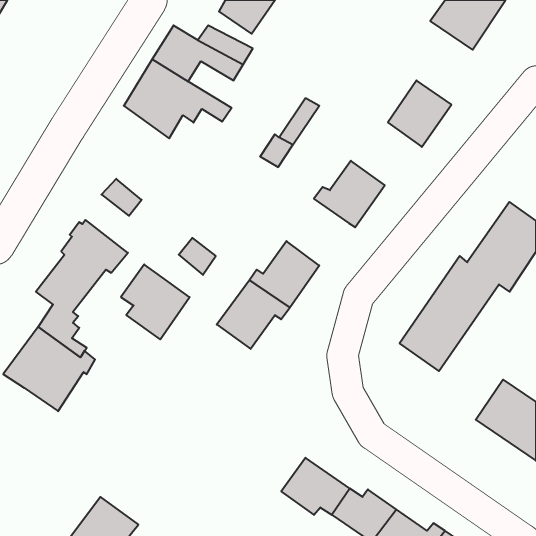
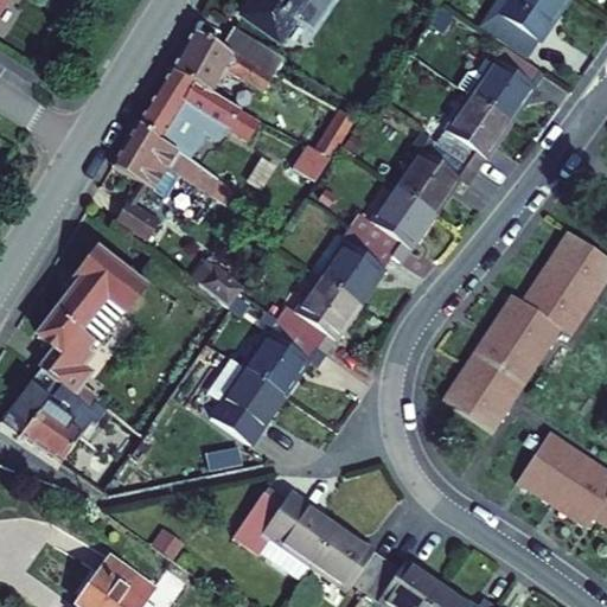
building: none -> [455,46,541,122]
building: none -> [114,123,219,194]
building: none -> [394,132,473,212]
building: none -> [321,234,391,302]
building: [121,264,190,339] -> [204,359,281,443]
building: none -> [235,481,343,574]

